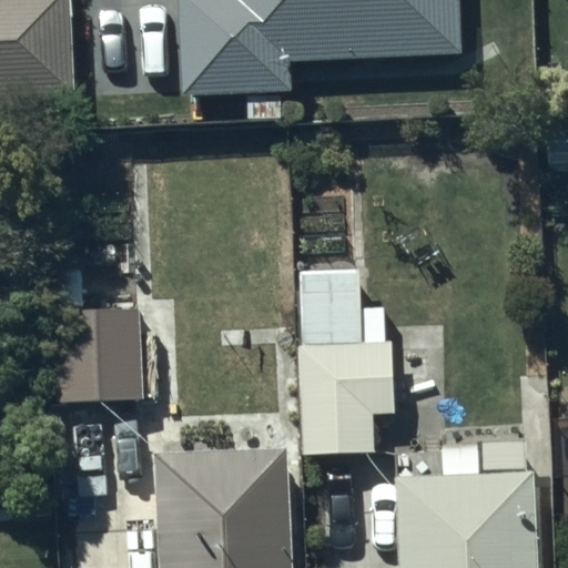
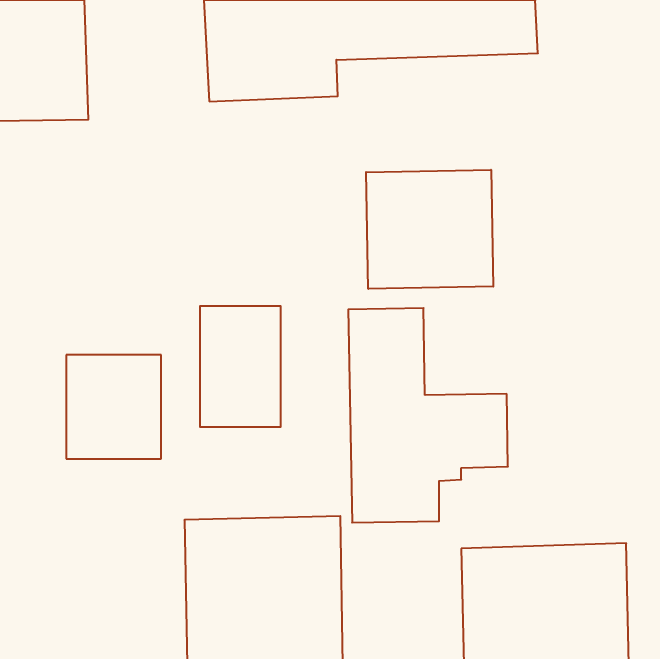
building: none -> [366,170,493,289]
building: none -> [200,306,281,427]

